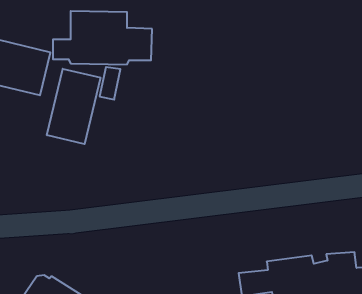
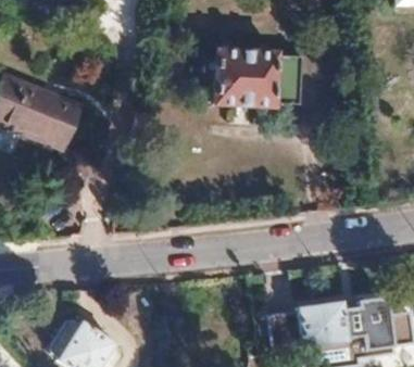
building: [53,11,152,64] -> [195,54,298,110]
building: [47,69,100,144] -> none

